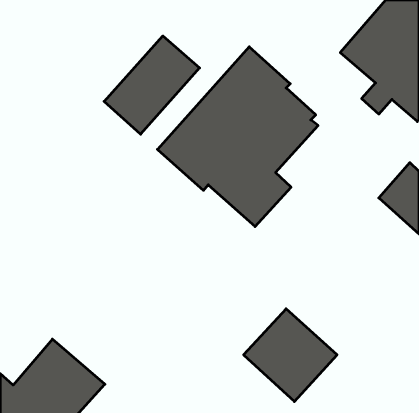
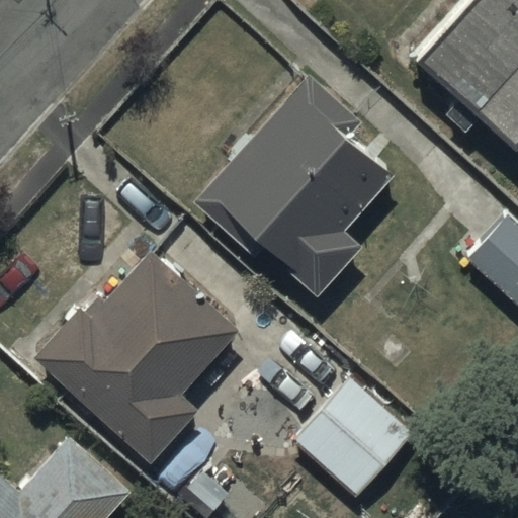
building: [104,36,200,134] -> none
building: none -> [42,258,239,467]

